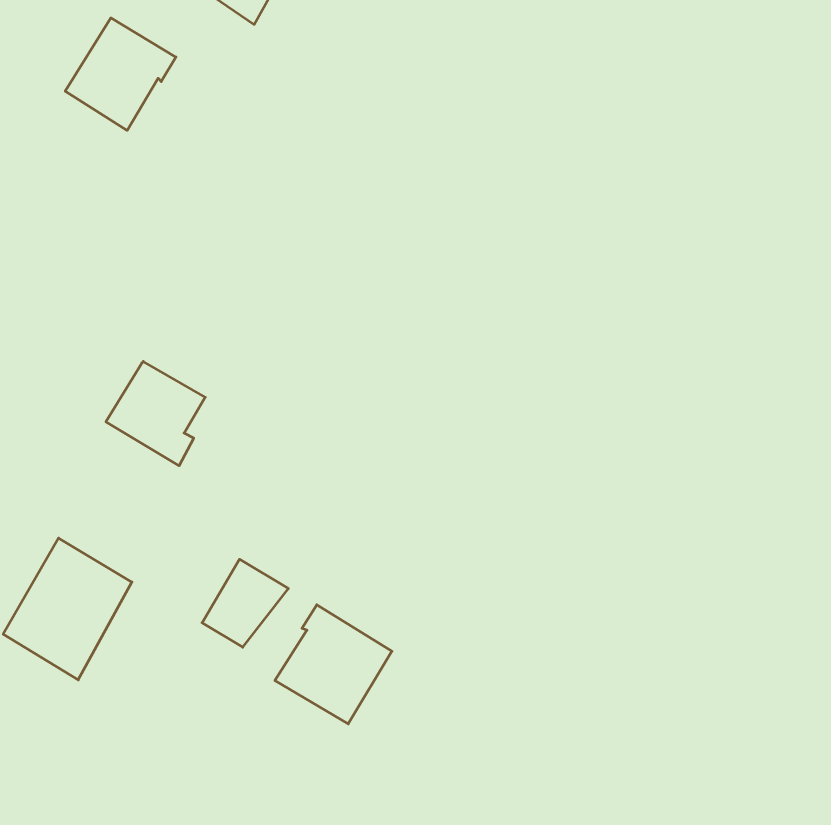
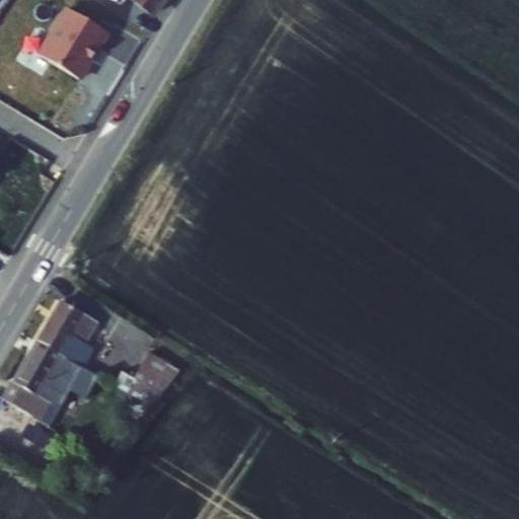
building: [106,361,205,466] -> [38,297,99,362]
building: [275,605,392,724] -> none

